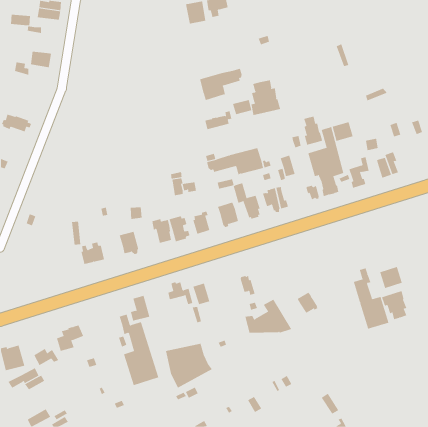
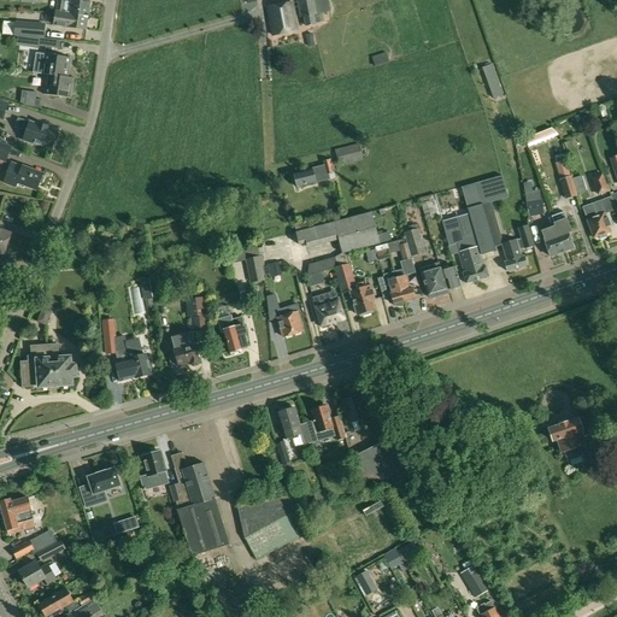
building: none -> [40,53,71,76]
building: [199,68,242,101] -> none
building: [251,79,281,116] -> none
building: none -> [18,119,58,148]
building: [303,116,323,146] -> none
building: none -> [583,199,611,239]
building: none -> [419,263,448,298]
building: [169,215,190,242] -> none
building: none -> [20,345,76,387]
building: [380,266,403,289] -> none
building: [353,267,389,330] -> none
building: [167,281,193,305] -> [307,406,345,440]
building: [297,291,318,313] -> none
building: [130,295,150,321] -> [140,452,169,489]
building: [33,348,59,366] -> [19,562,57,587]

